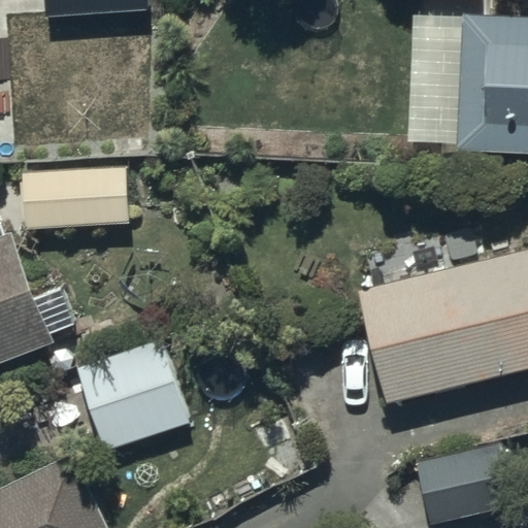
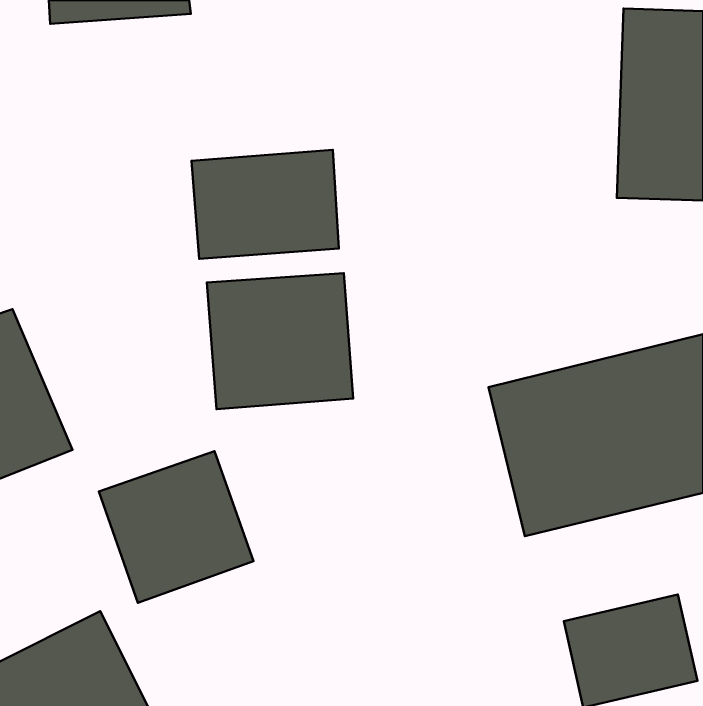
building: none -> [192,150,339,259]
building: [20,161,130,232] -> none
building: none -> [207,273,353,409]

